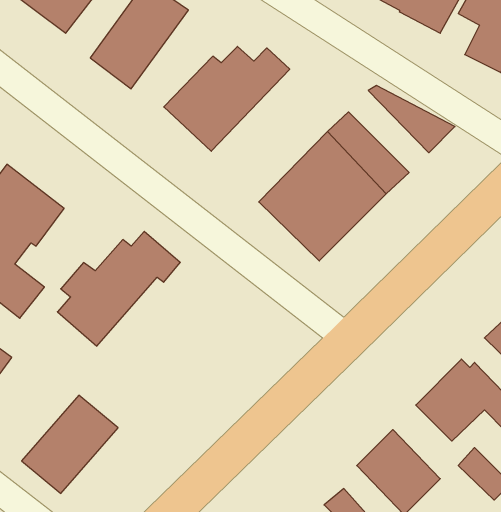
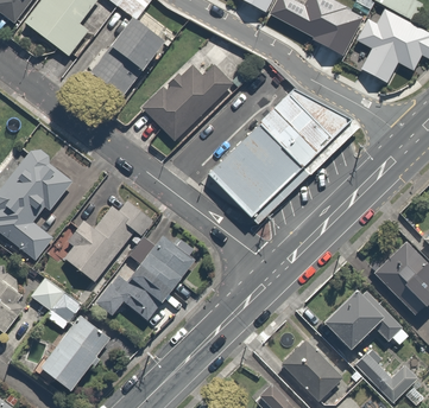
building: none -> [276,96,334,155]
building: none -> [97,237,190,319]
building: none -> [31,279,81,327]

